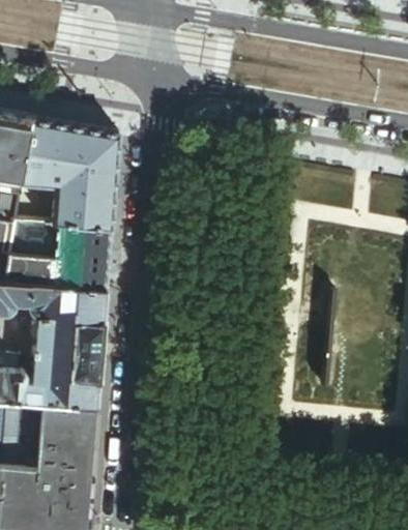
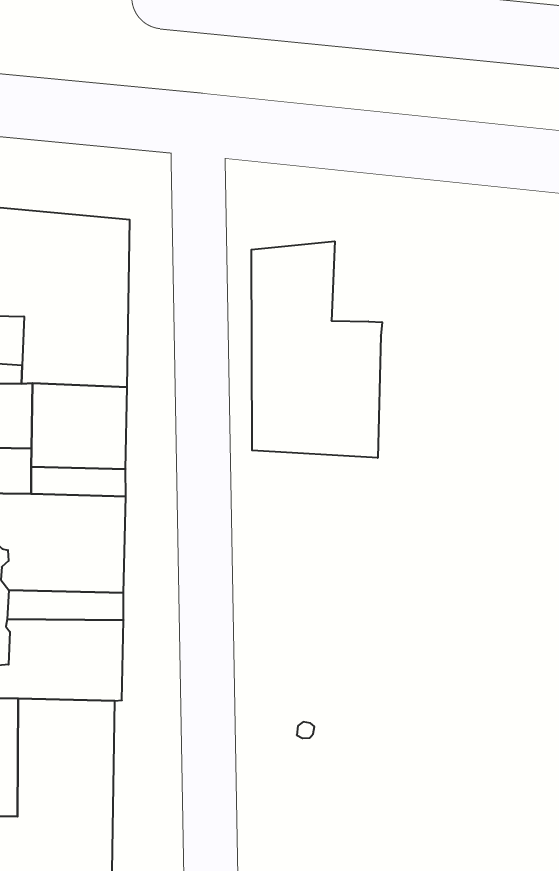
building: none -> [251,241,382,458]

